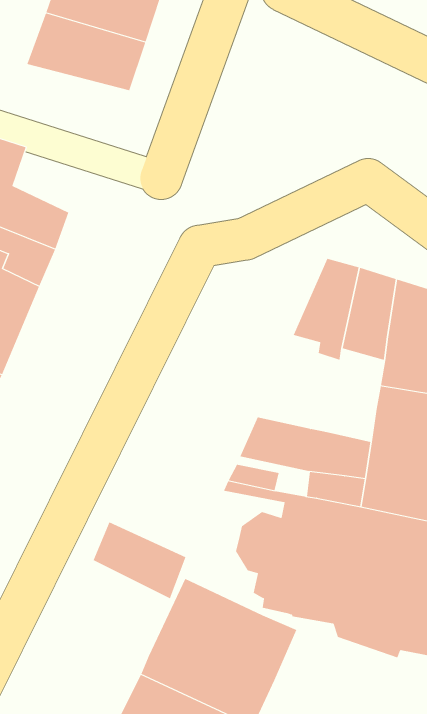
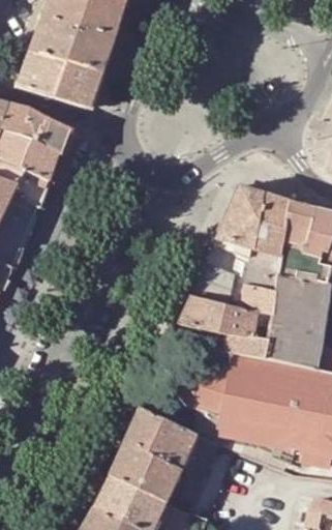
building: none -> [16,49,100,106]
building: none -> [19,107,71,153]
building: none -> [189,243,278,313]
building: [93,521,186,599] -> none

